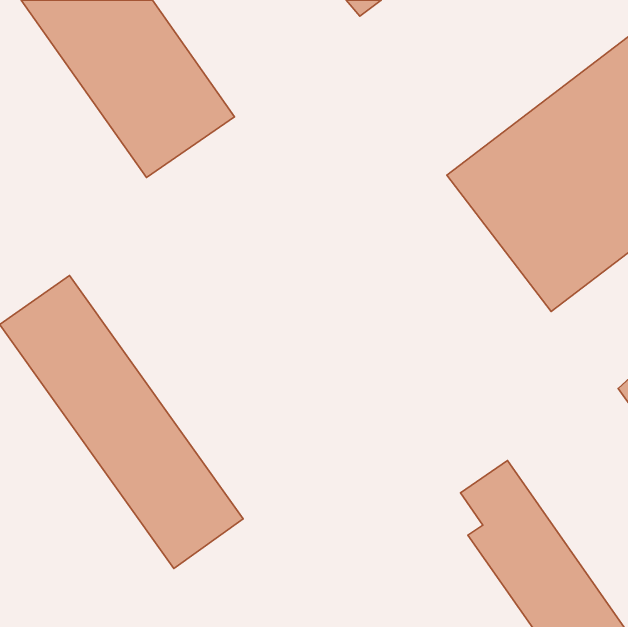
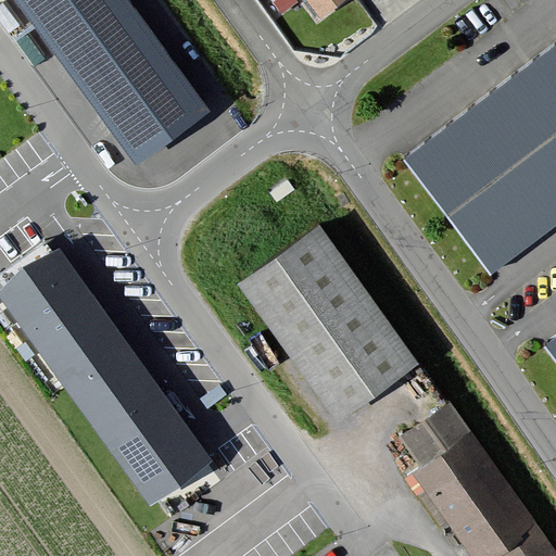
building: none -> [230,225,415,424]

